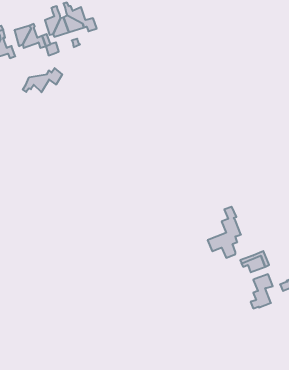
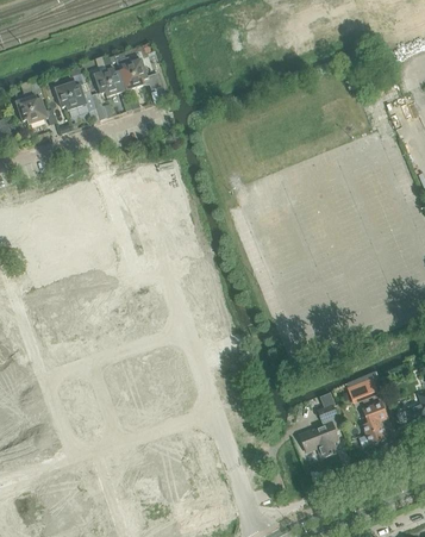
building: [23,68,62,92] -> none
building: [208,207,241,258] -> [299,391,342,456]

